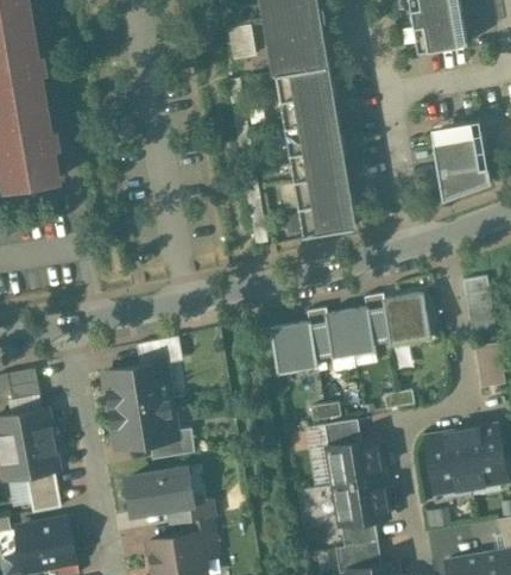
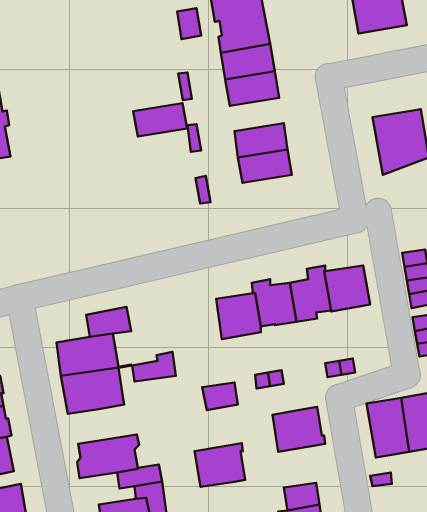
building: [284,120,340,155] -> [133,103,187,136]
building: [297,200,353,236] -> none
building: [323,420,360,449] -> [202,383,238,410]
building: [149,429,194,460] -> [132,352,176,382]
building: [334,479,386,524] -> [195,443,245,487]

